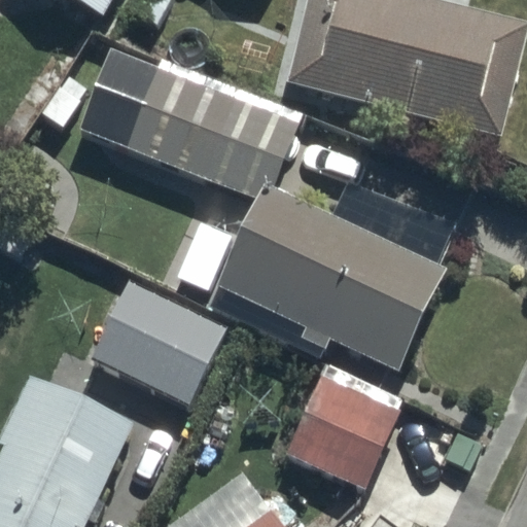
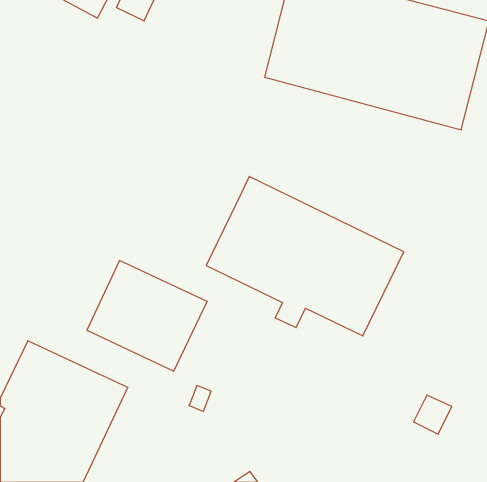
building: [74,48,295,208] -> none
building: [281,368,406,490] -> none

